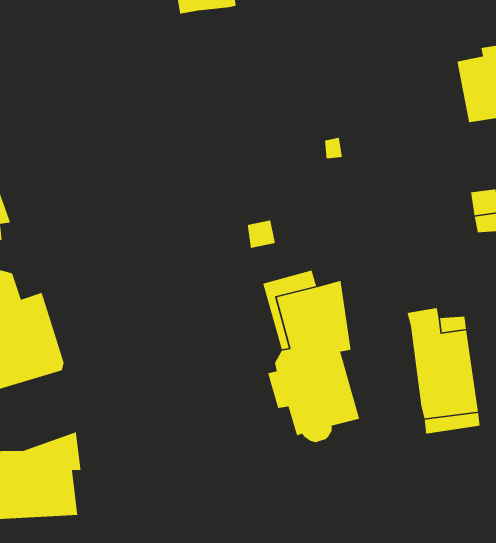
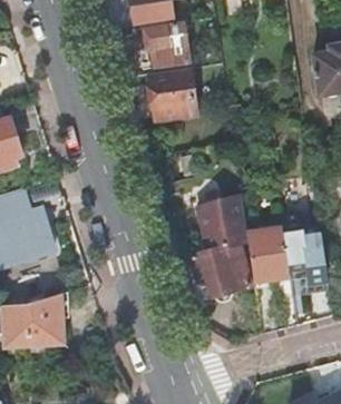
building: none -> [143,22,187,66]
building: none -> [148,70,195,119]
building: none -> [245,225,290,282]

